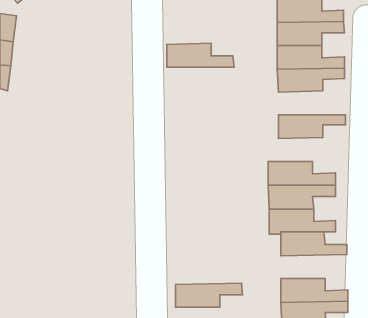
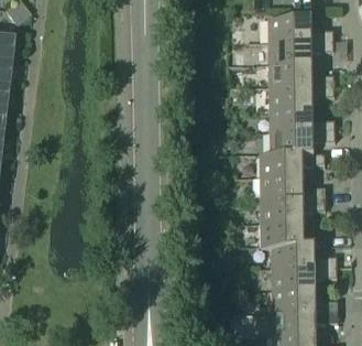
building: [167,43,234,67] -> [270,108,334,131]
building: none -> [260,153,323,176]
building: [175,283,243,307] -> [272,267,337,290]

